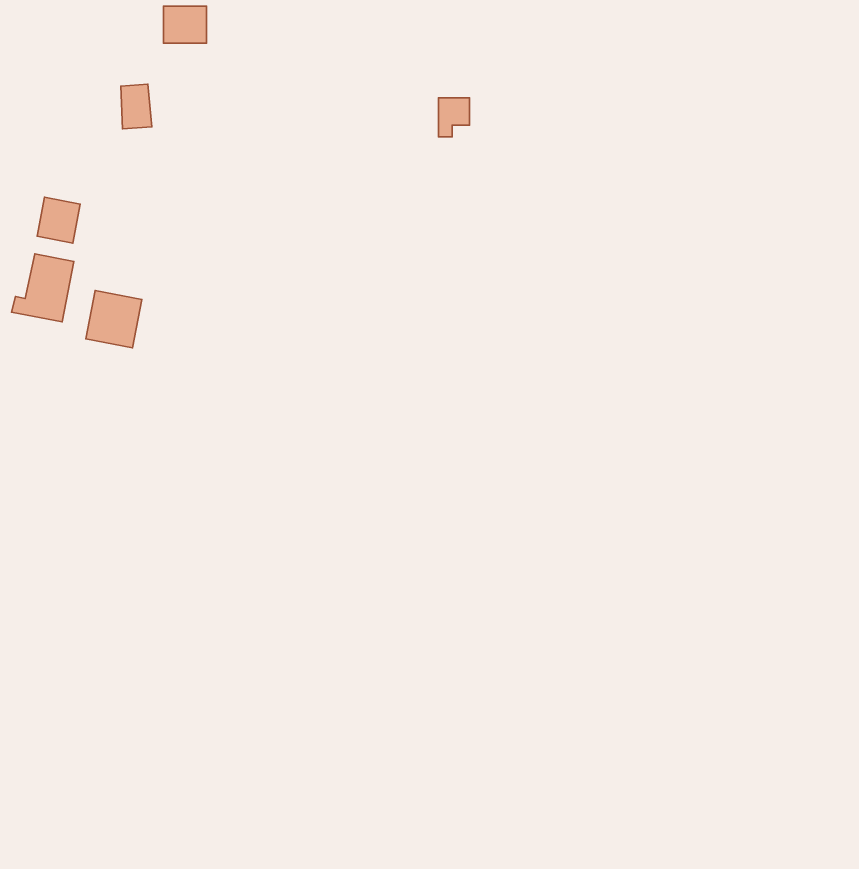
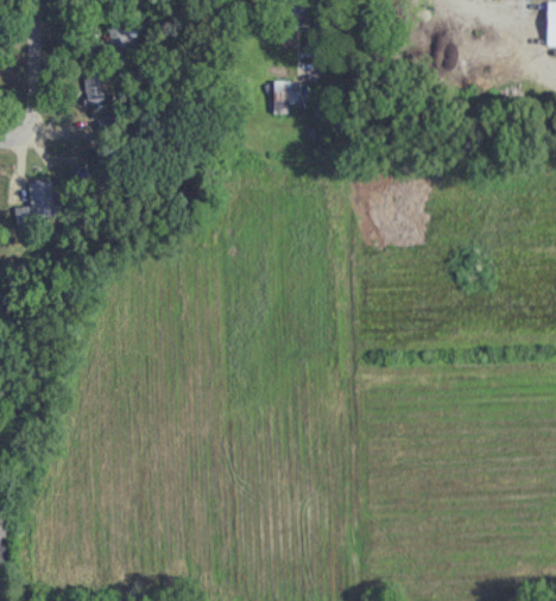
building: [37,197,80,243] -> none
building: [86,291,142,348] -> none

